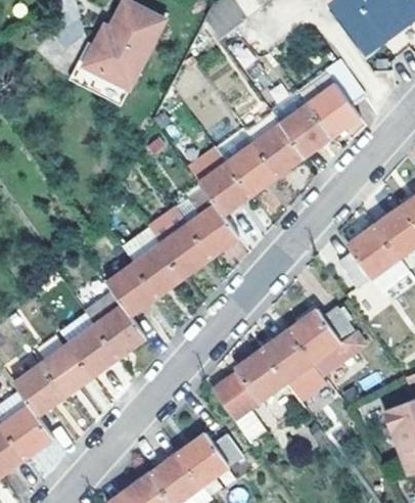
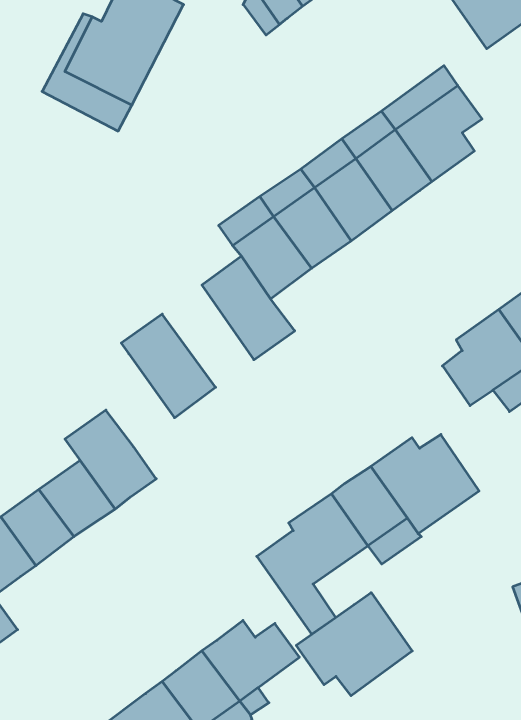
building: [151,207,213,275] -> none
building: [100,253,159,315] -> none
building: none -> [296,593,412,696]

